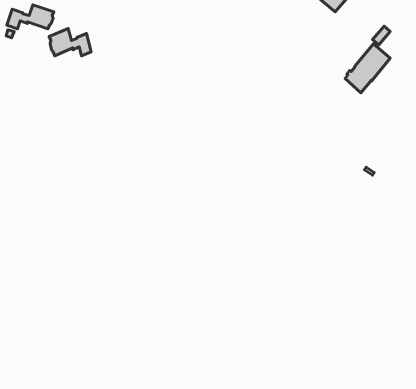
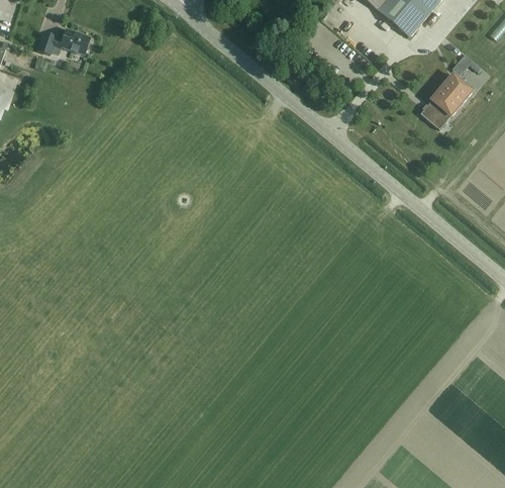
building: [49,28,91,56] -> none

